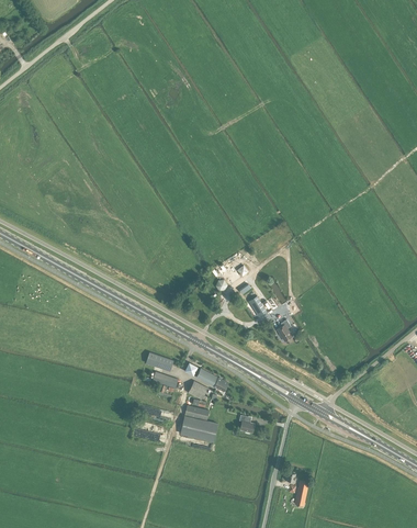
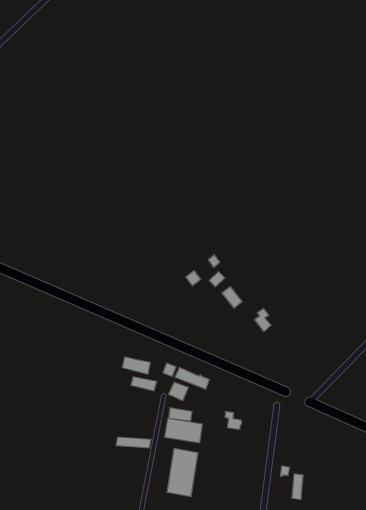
building: none -> [167,448,198,497]

